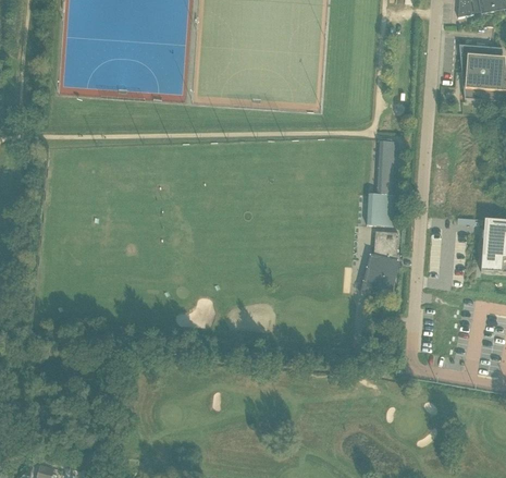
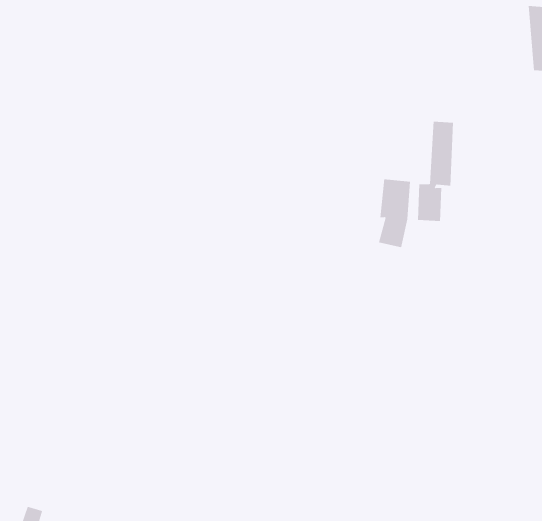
building: [370,230,397,287] -> [378,179,411,248]

